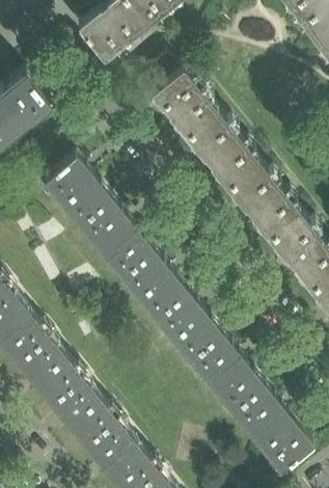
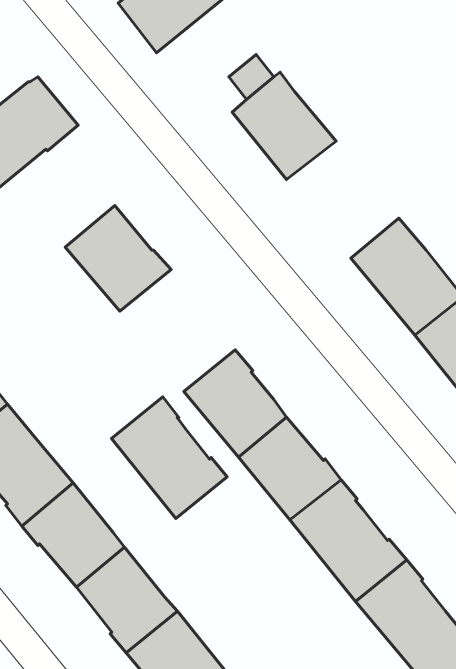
building: [189,117,262,193] -> none
building: [81,200,156,279] -> [112,397,227,519]

